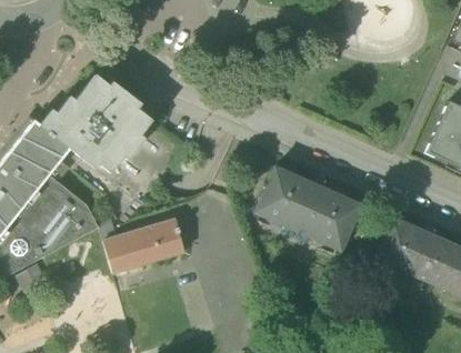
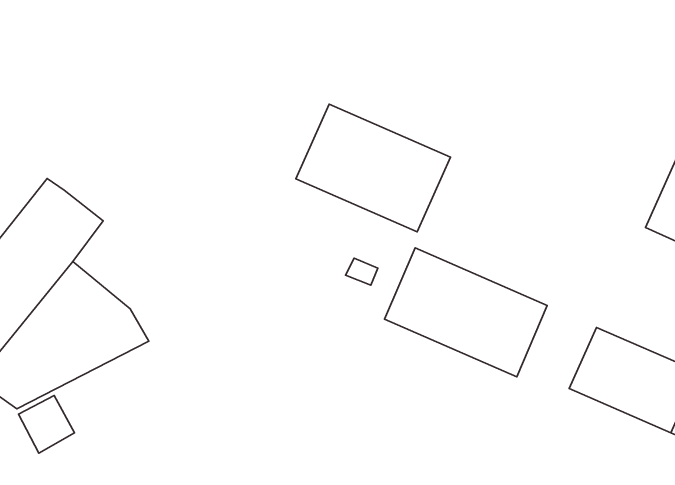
building: none -> [296,104,450,232]
building: [44,75,152,173] -> none
building: [102,219,183,273] -> none

